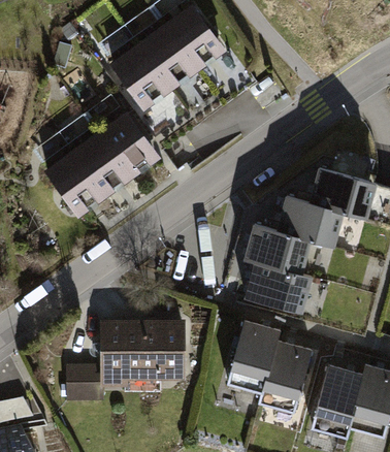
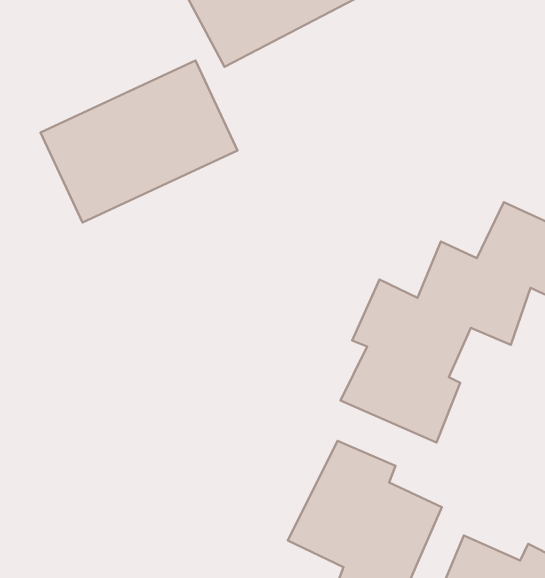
building: [66,319,187,400] -> none

